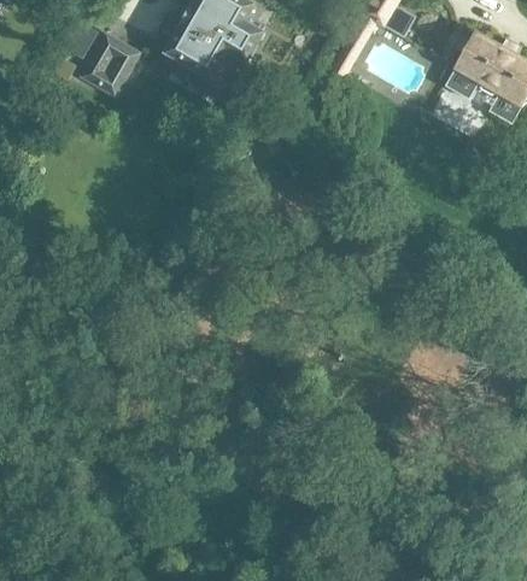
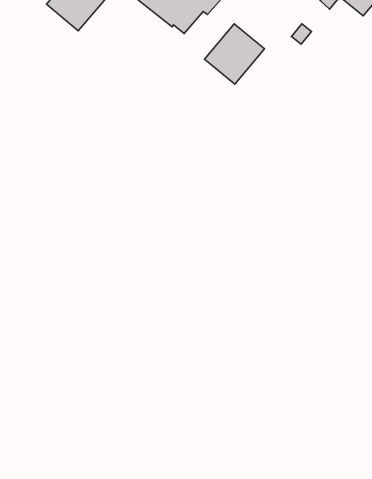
building: none -> [205,24,264,84]

